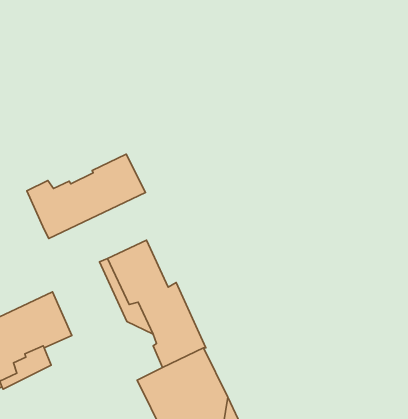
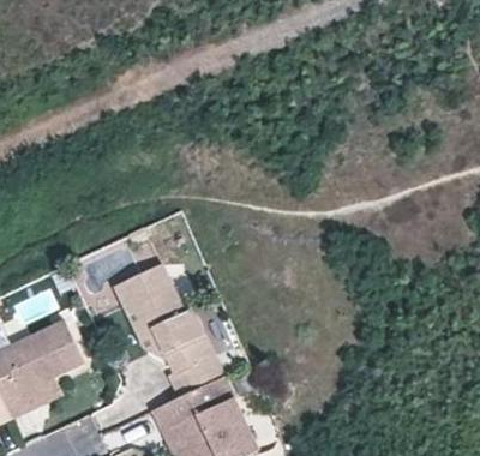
building: [27,154,146,239] -> none

